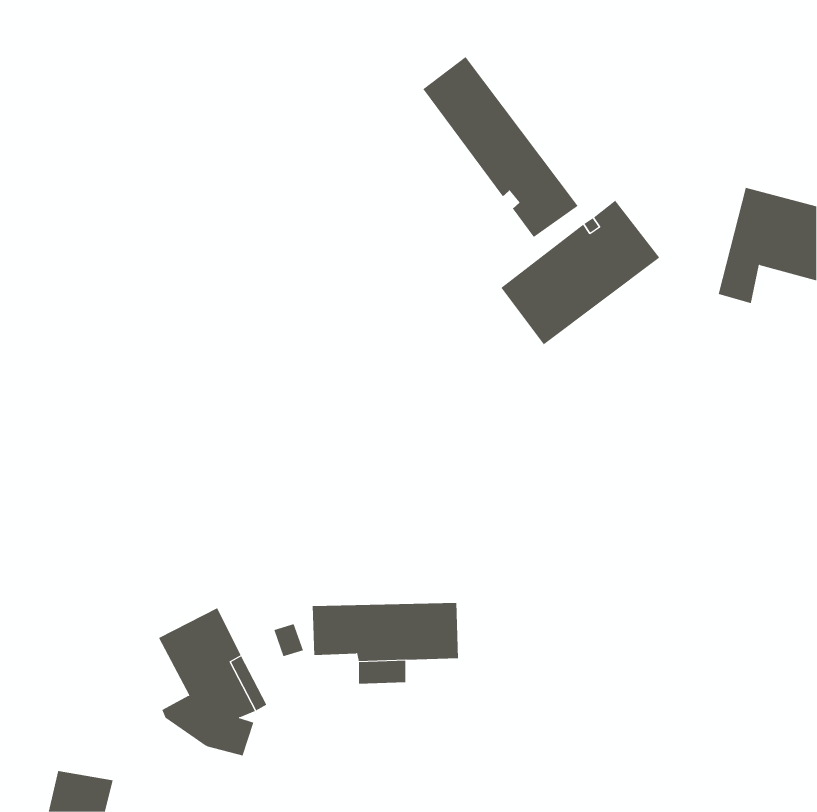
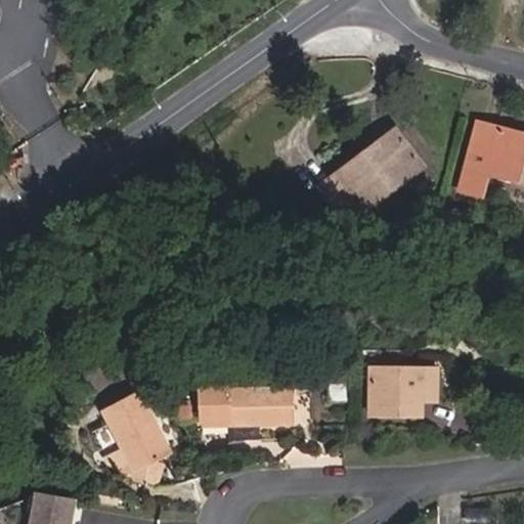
building: [423,56,579,238] -> none
building: none -> [369,366,436,413]

